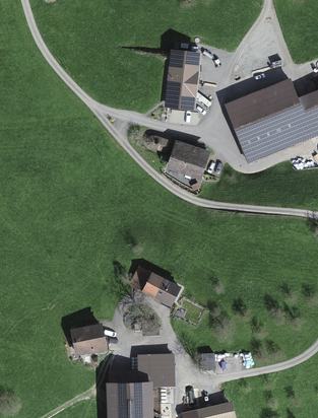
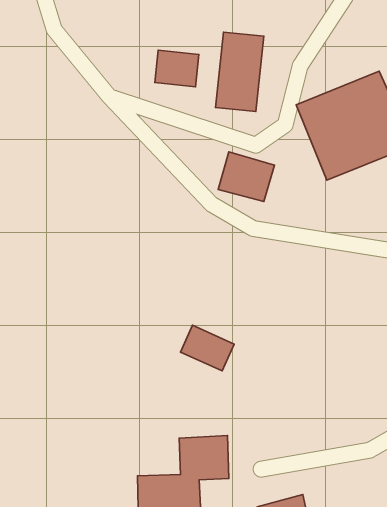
building: none -> [155,50,199,87]
building: [70,322,105,353] -> none

